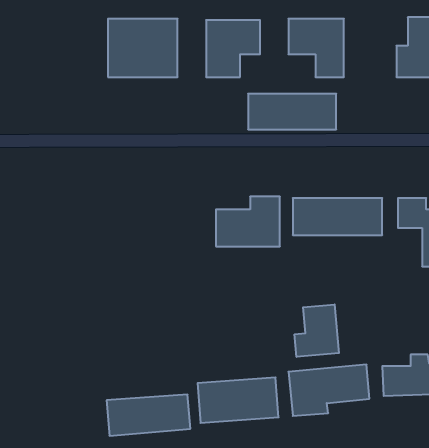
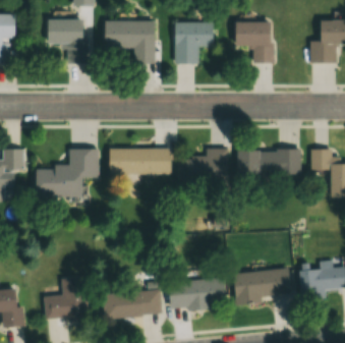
building: none -> [46,18,85,63]
building: [248,94,336,129] -> [107,148,170,173]
building: none -> [34,149,99,196]
building: [295,304,339,357] -> none
building: none -> [45,277,88,319]

